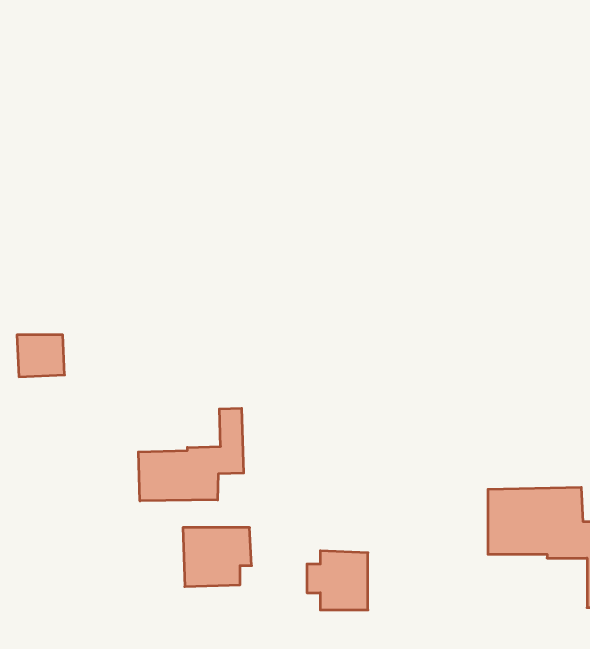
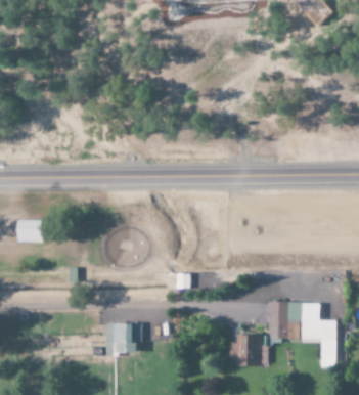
building: [138,408,244,501] -> none
building: [307,551,368,610] -> [228,335,261,366]

